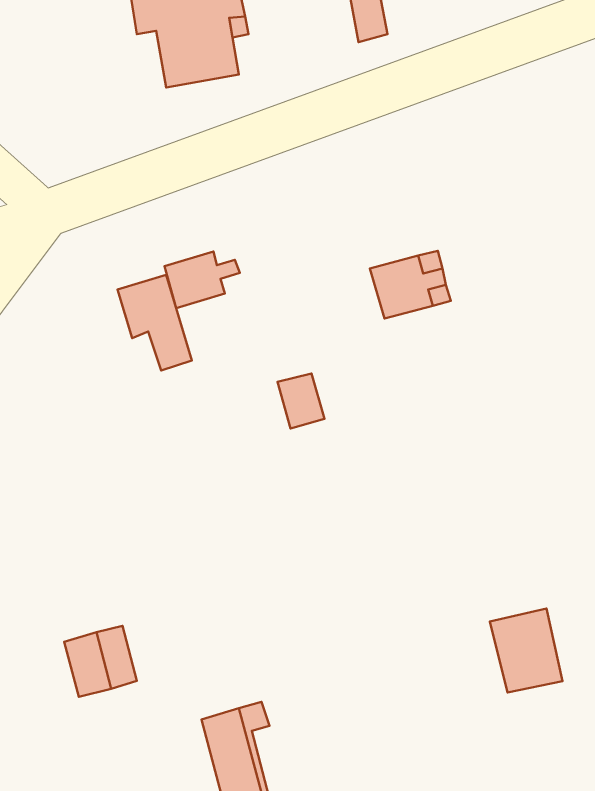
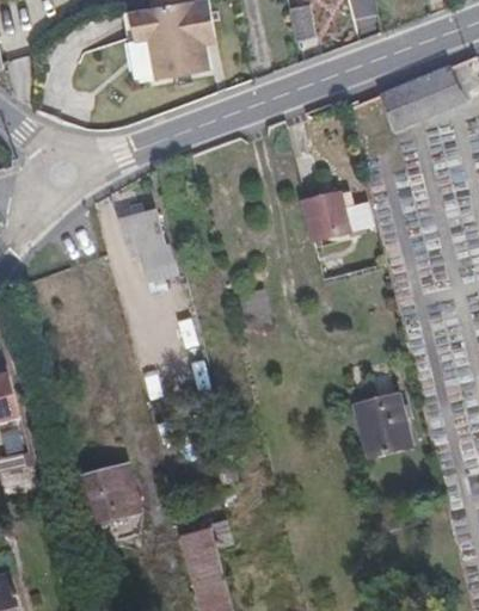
building: none -> [381,67,462,126]
building: [165,252,240,308] -> none
building: [490,608,563,693] -> [357,396,411,458]

